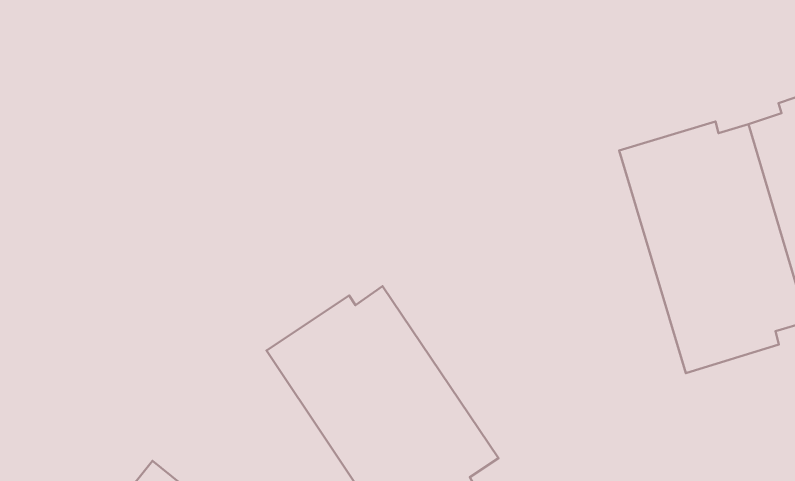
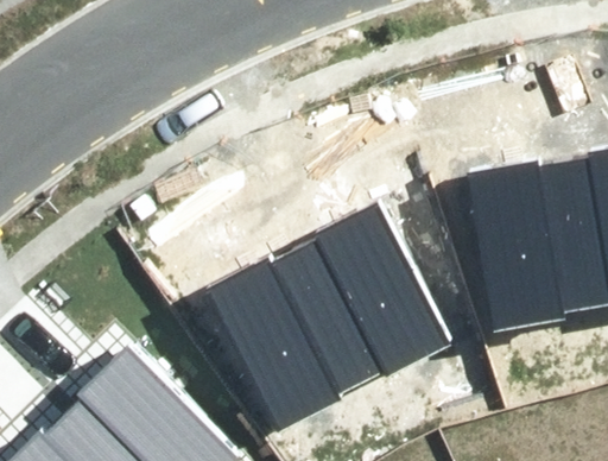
building: none -> [297,202,444,377]

